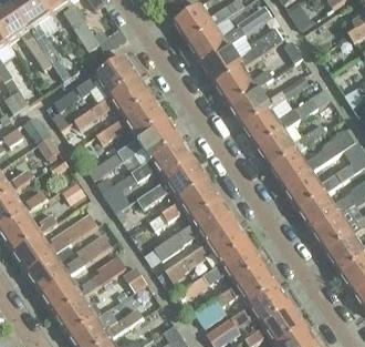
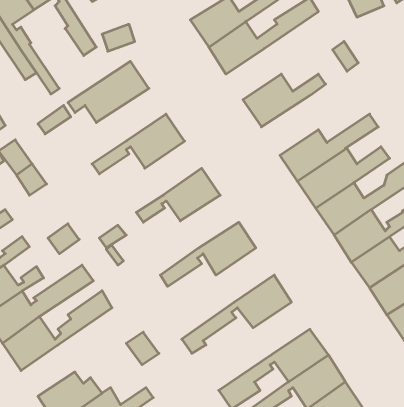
building: [200,27,282,84] -> none
building: [228,74,309,127] -> none
building: [75,75,154,126] -> none
building: [88,116,181,180] -> none
building: [136,159,210,207] -> none
building: [154,200,238,259] -> none
building: [186,242,265,293] -> none
building: [41,256,125,315] -> none

